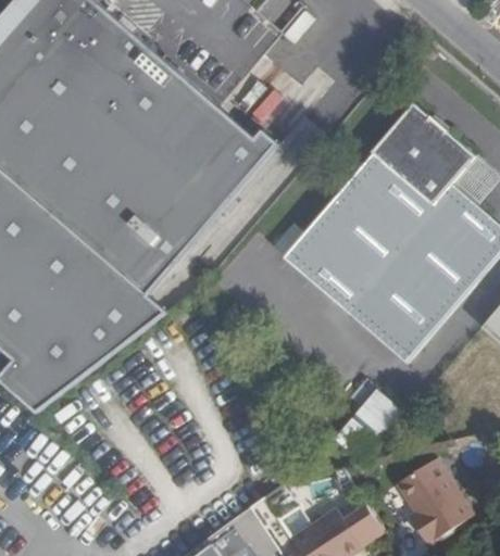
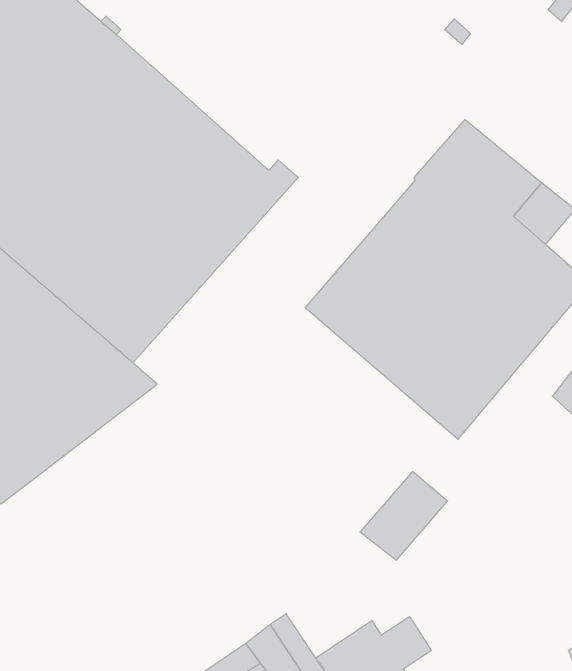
building: [397,456,473,542] -> none

